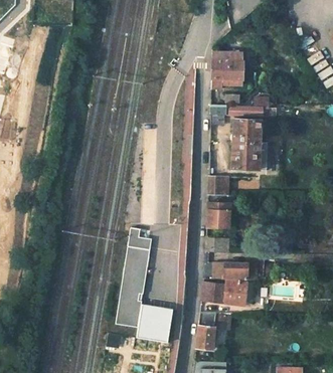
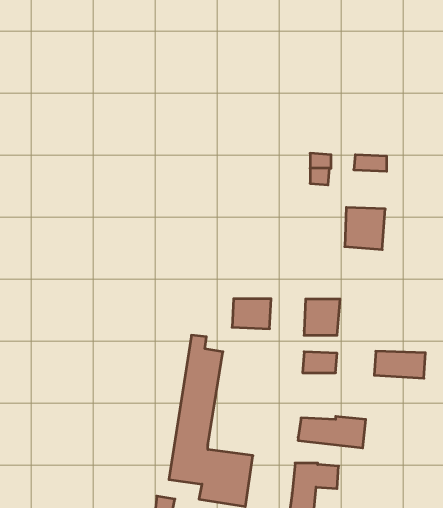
building: [211,54,241,84] -> none
building: [234,120,261,143] -> none
building: [207,176,233,196] -> [232,299,271,329]
building: [214,262,248,281] -> [374,351,425,378]

